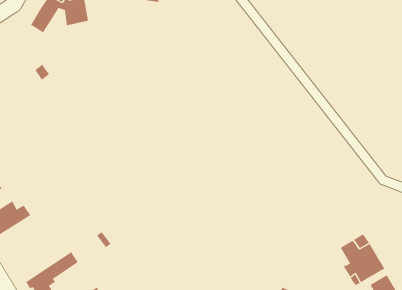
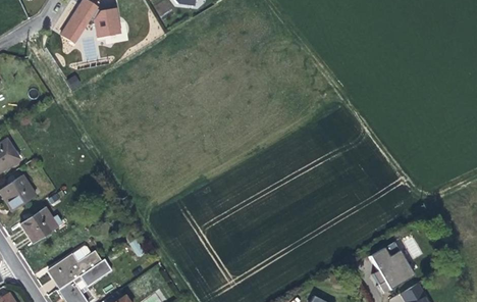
building: none -> [48,243,103,288]

